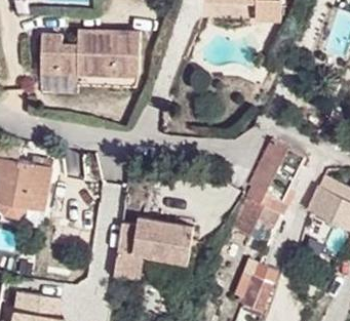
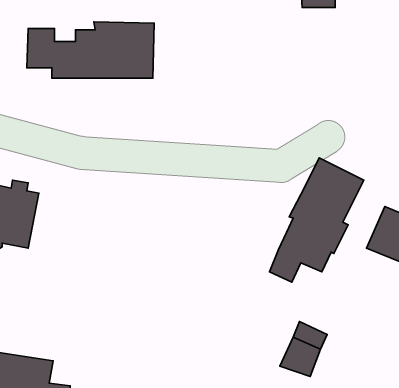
building: [113,216,193,278] -> none

